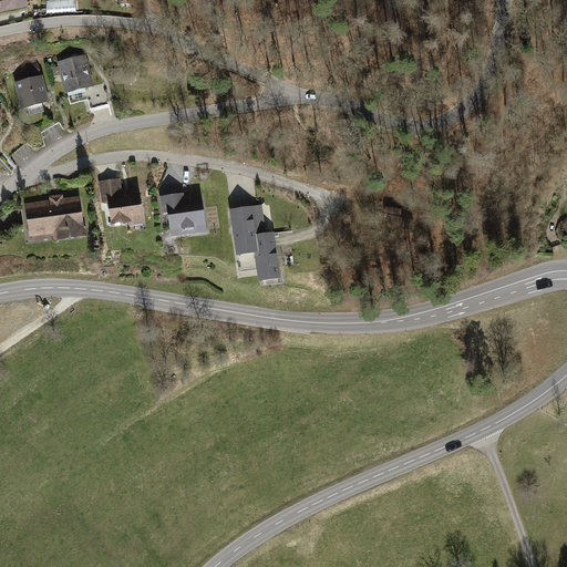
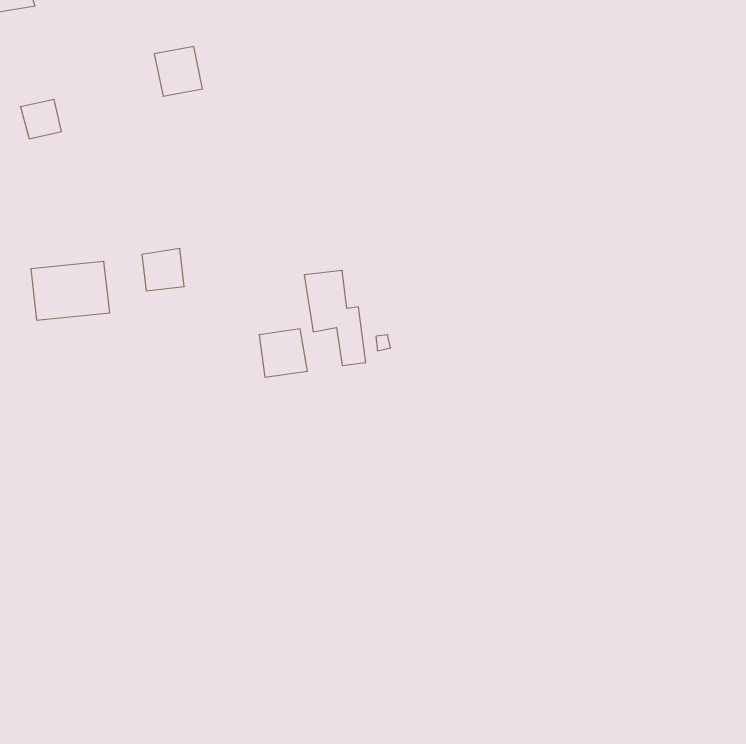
building: [55,56,92,94] -> [154,47,203,96]
building: [167,195,204,231] -> [259,329,307,377]

